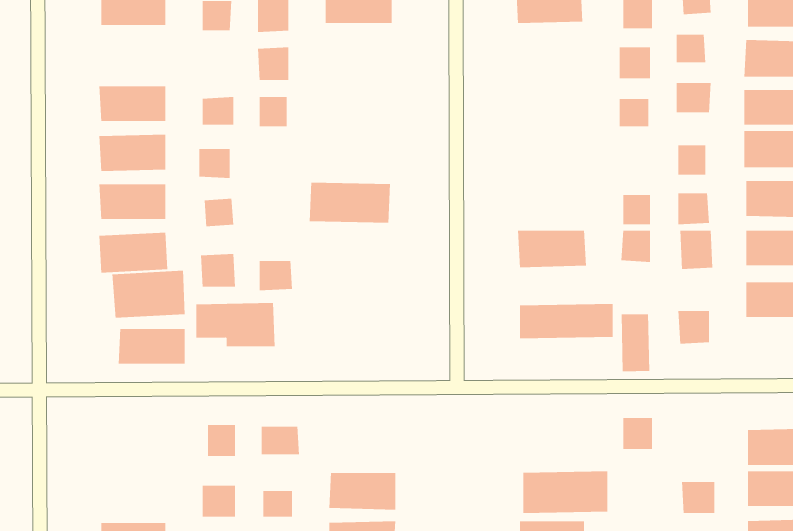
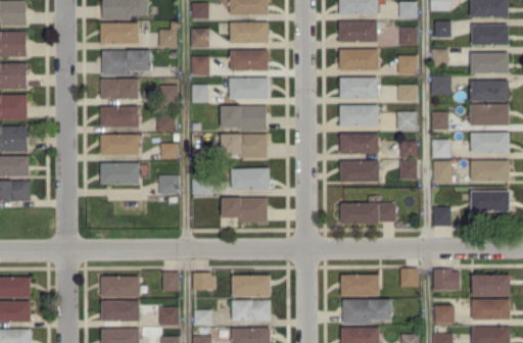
building: none -> [338,49,378,70]
building: none -> [101,50,151,76]
building: none -> [229,50,268,70]
building: none -> [228,78,268,99]
building: none -> [339,78,377,98]
building: none -> [220,105,266,130]
building: none -> [339,105,378,127]
building: none -> [396,111,416,131]
building: none -> [339,134,378,154]
building: none -> [230,168,269,190]
building: [112,270,185,319] -> none
building: [195,302,276,347] -> [221,197,267,223]
building: [621,313,650,372] -> none
building: [118,329,185,364] -> [100,277,139,297]
building: none -> [432,270,459,290]
building: none -> [340,275,378,296]
building: none -> [231,276,270,297]
building: none -> [100,301,139,322]

